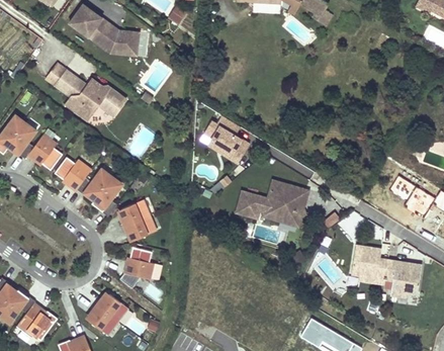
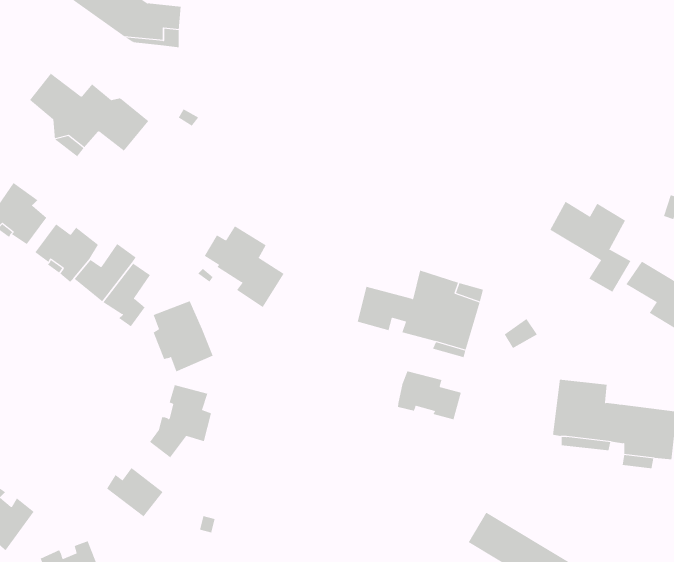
building: [205,115,251,162] -> [204,225,285,308]
building: none -> [550,201,631,292]
building: none -> [398,371,462,420]
building: [90,305,117,335] -> none

